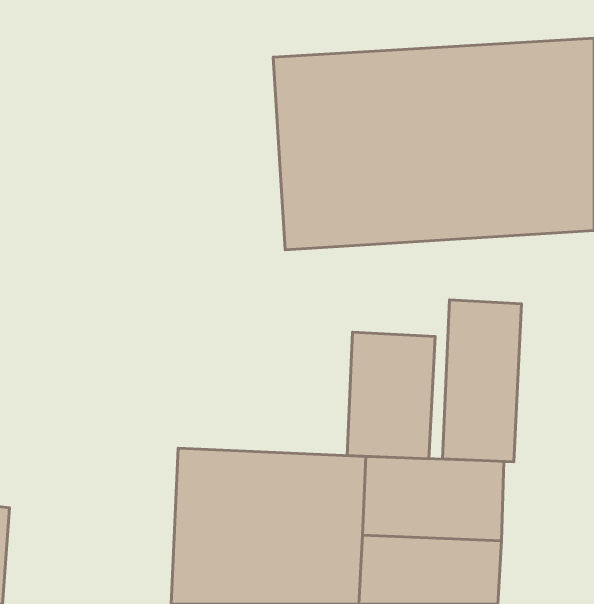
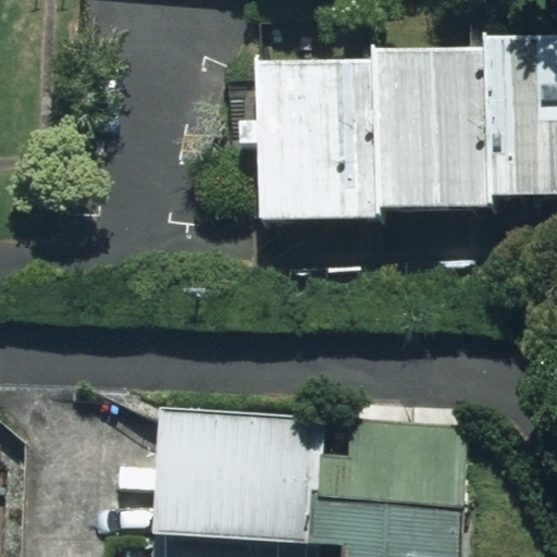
building: [443,300,521,462] -> none
building: [347,332,435,459] -> none

